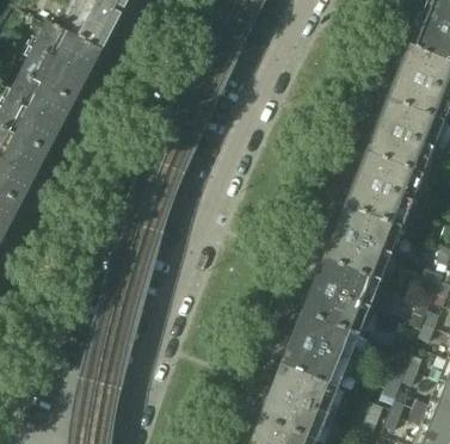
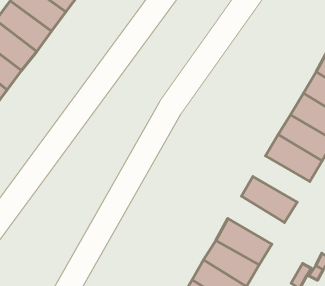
building: [334,208,401,255] -> none
building: [313,259,380,309] -> none

